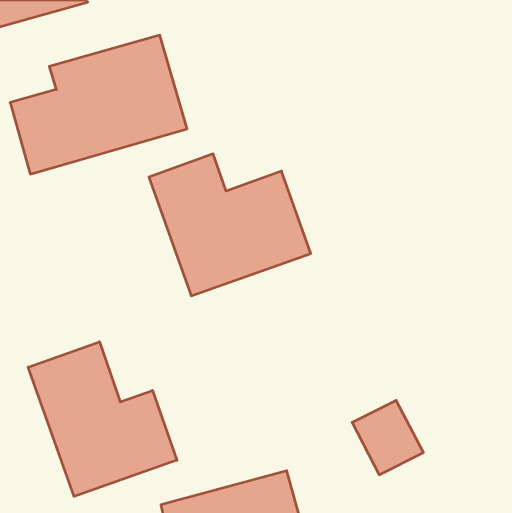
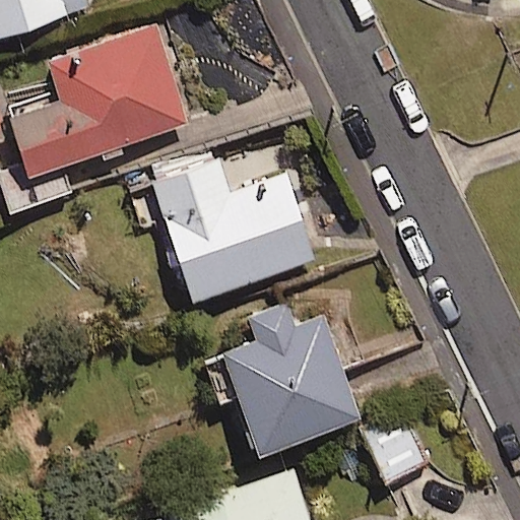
building: none -> [221,306,359,452]
building: [28,342,177,496] -> none

